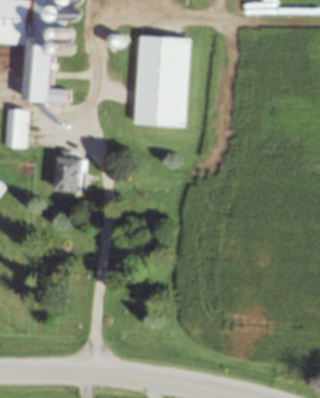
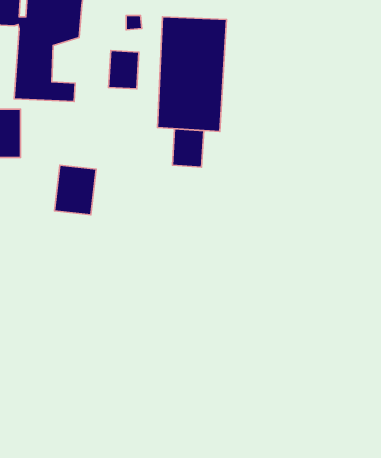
building: none -> [109,51,139,89]
building: none -> [172,129,204,167]

